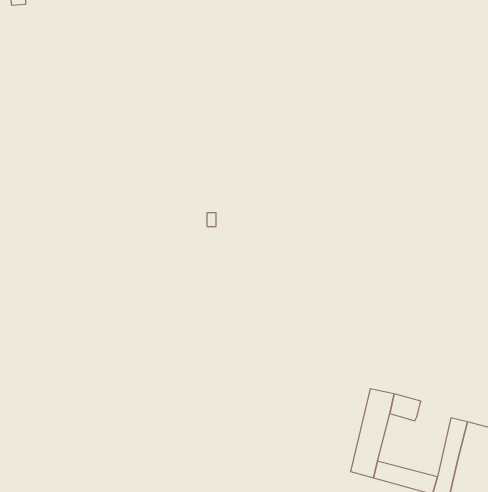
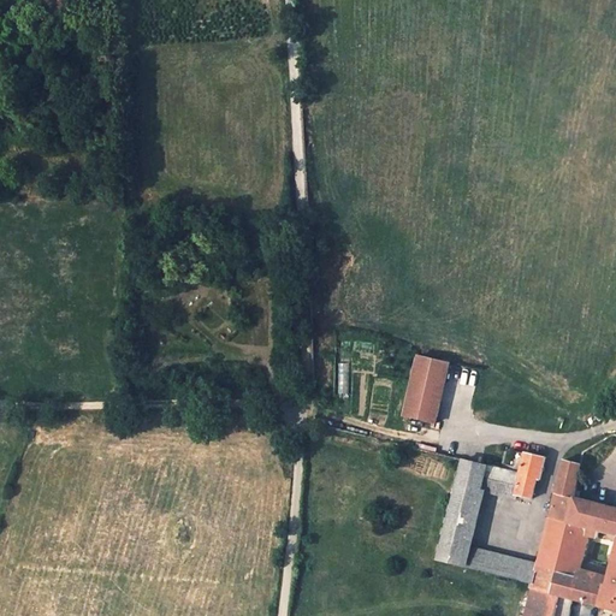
building: none -> [403,356,452,425]
building: none -> [514,452,543,497]
building: none -> [553,460,578,498]

